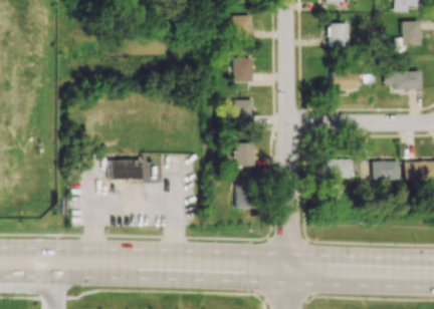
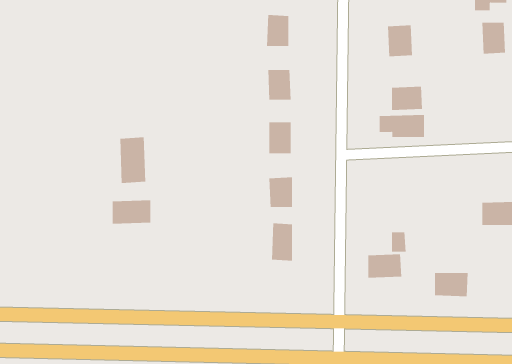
building: [385,71,421,89] -> [379,115,425,138]
building: none -> [120,136,146,184]
building: [324,160,352,179] -> [368,254,402,278]
building: [371,162,398,181] -> [434,273,469,297]

